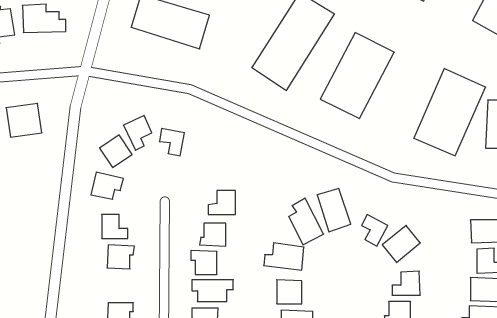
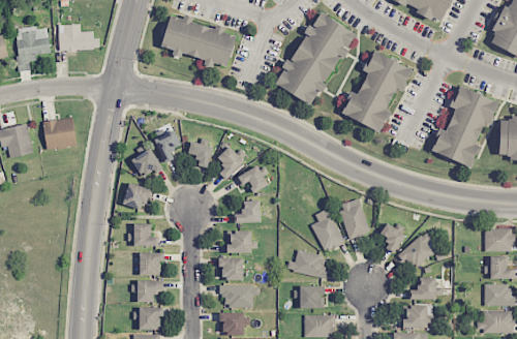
building: none -> [216,146,244,180]
building: none -> [236,165,269,193]
building: none -> [138,280,163,302]

